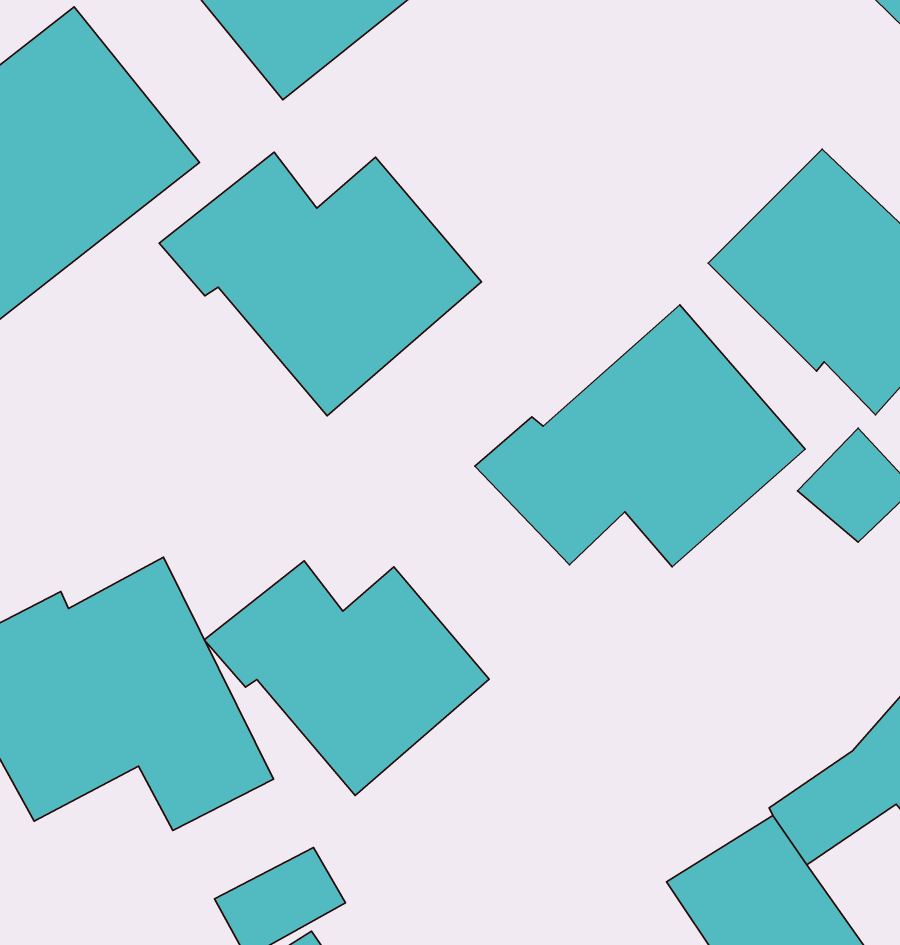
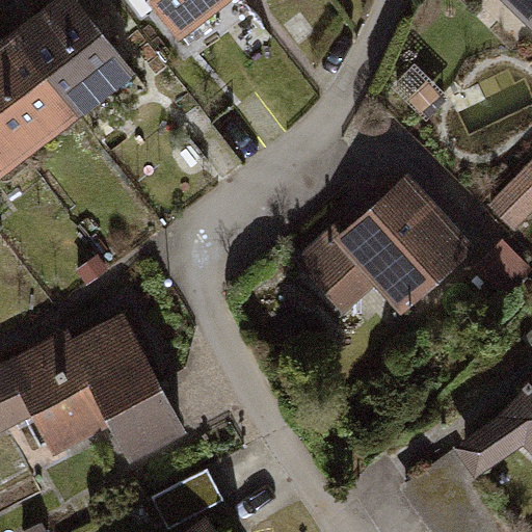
building: [159,152,481,416] -> none
building: [204,561,489,796] -> none

